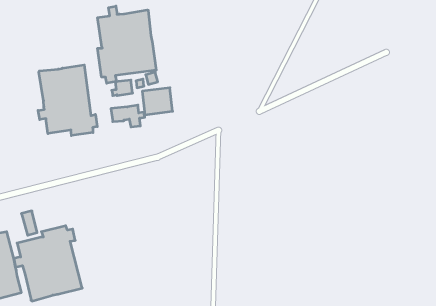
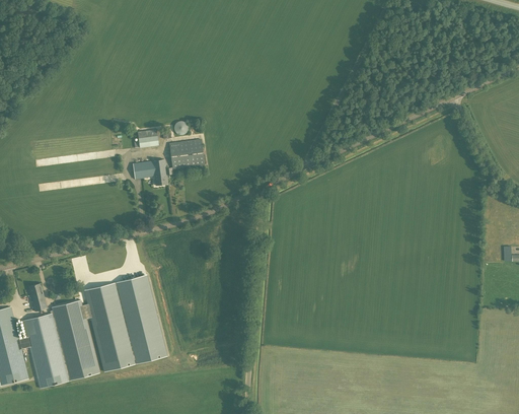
building: [98,6,156,83] -> none
building: [38,65,97,136] -> none
building: none -> [83,274,165,370]

